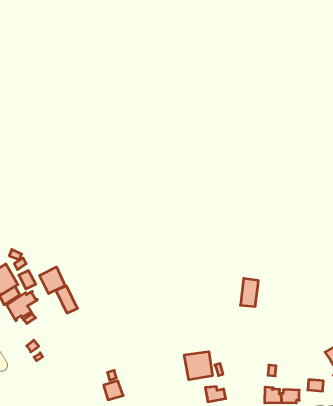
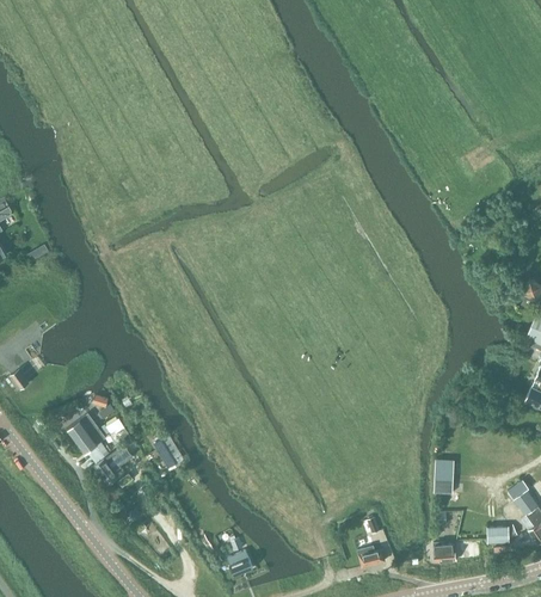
building: [40,267,65,294] -> none
building: [240,278,258,306] -> [434,458,454,493]
building: [184,352,212,380] -> none

